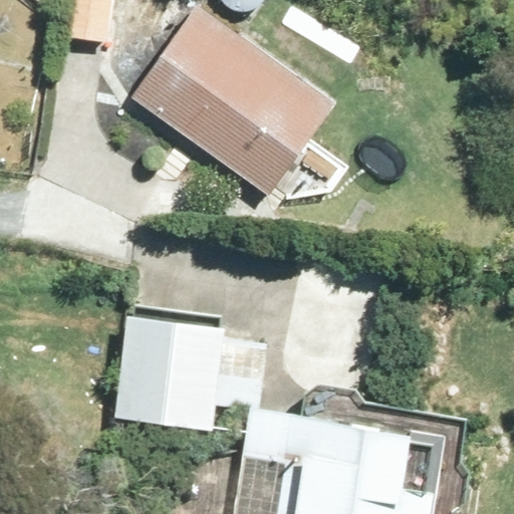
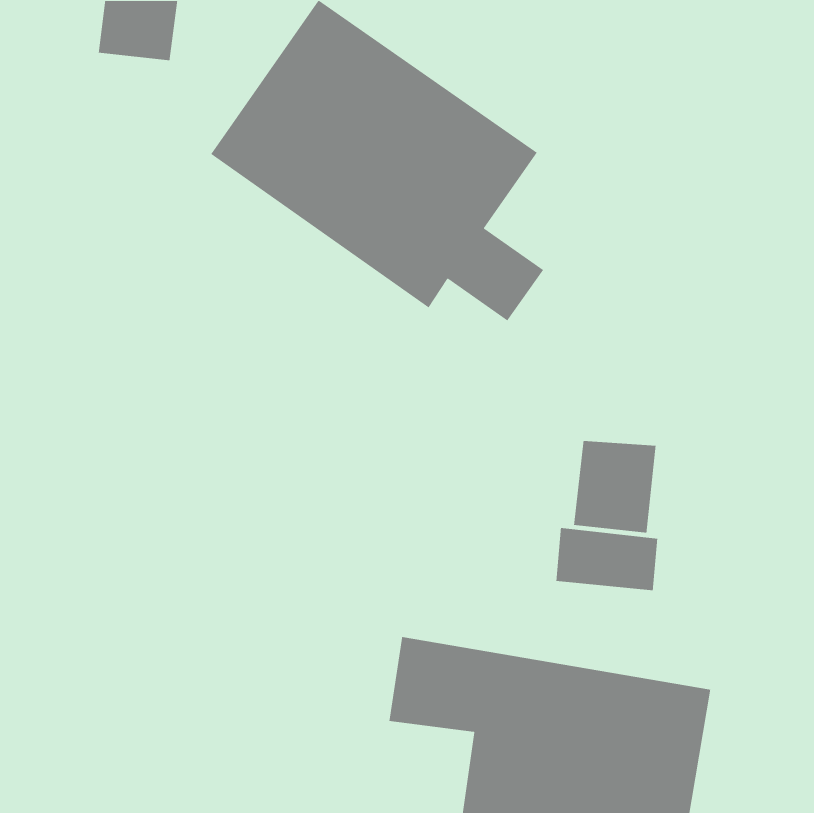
building: [111,315,224,432] -> none

